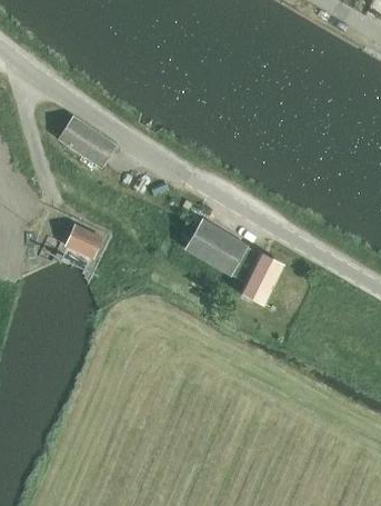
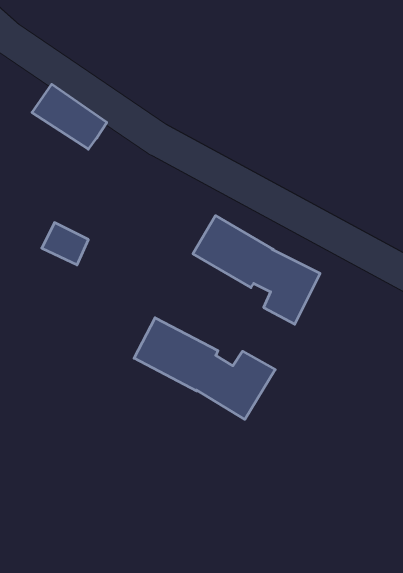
building: none -> [134,318,275,419]

